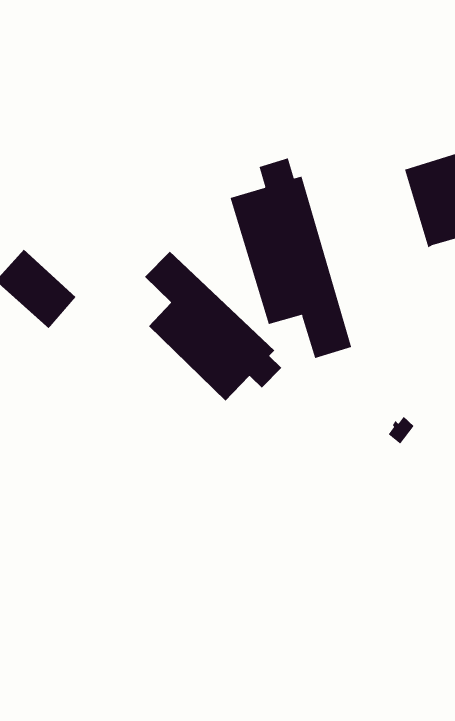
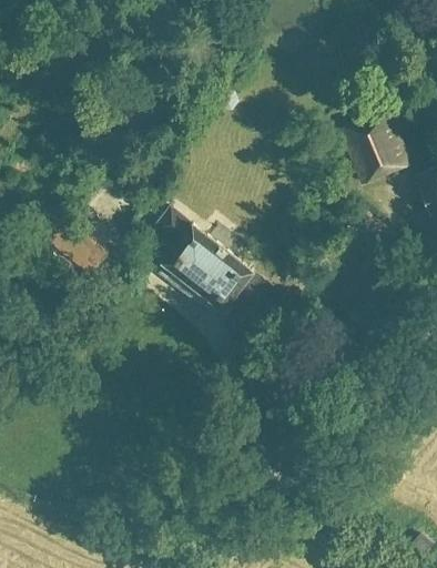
building: [230,157,352,359] -> none

